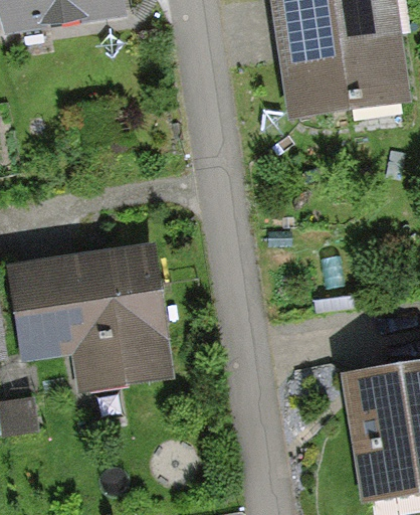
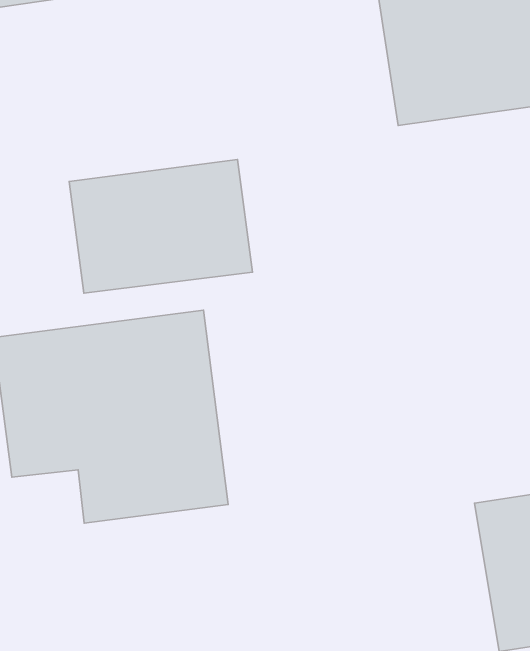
building: none -> [69,160,253,293]

